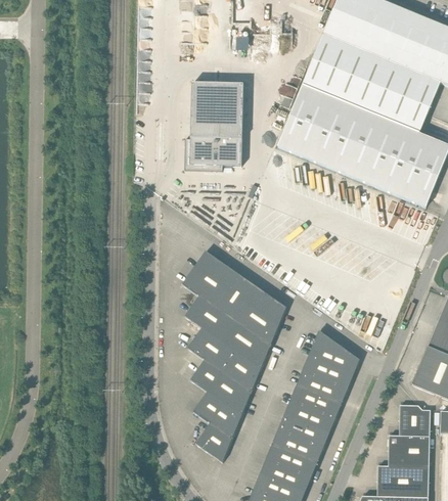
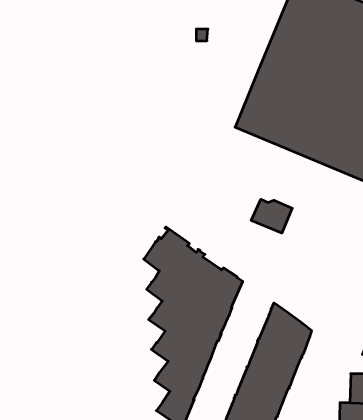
building: [185,81,245,170] -> none
building: none -> [251,199,292,233]

